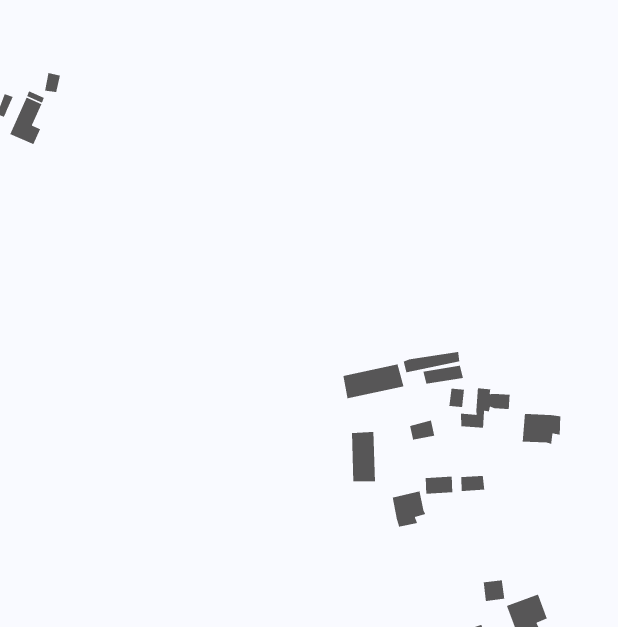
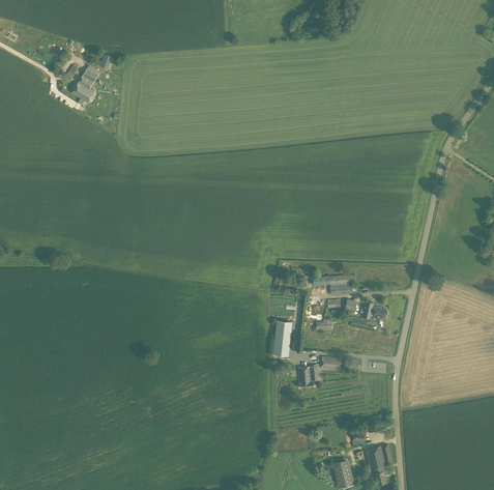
building: [343,364,404,399] -> none
building: [522,413,561,445] -> none

